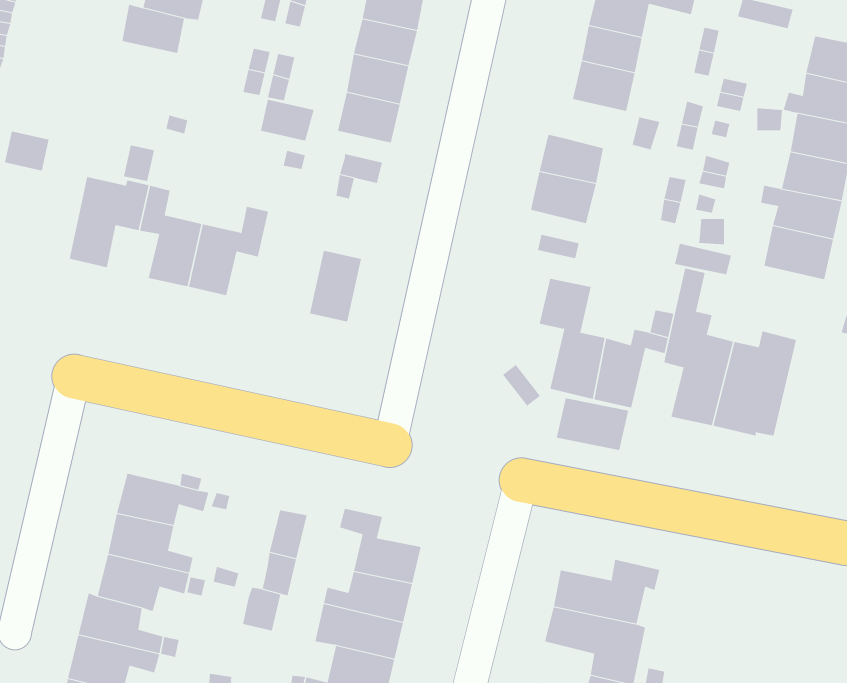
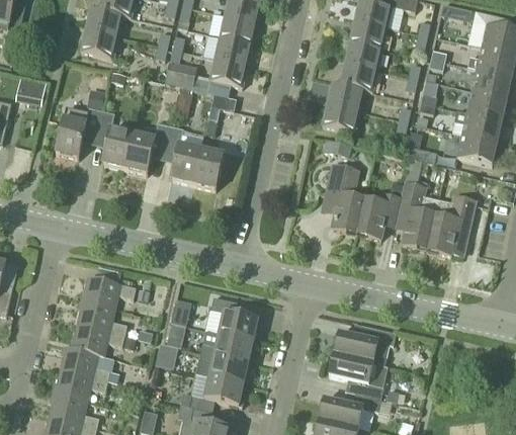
building: none -> [80,28,117,59]
building: none -> [340,62,376,92]
building: none -> [164,126,204,185]
building: [556,397,629,451] -> none

